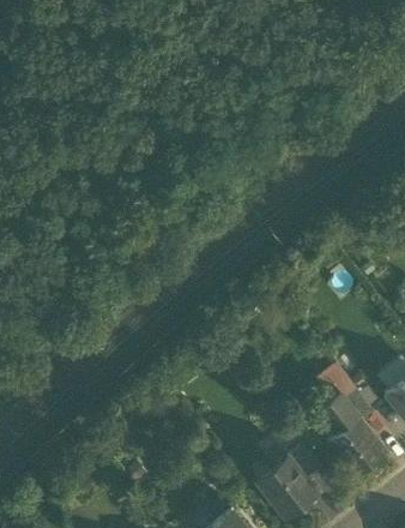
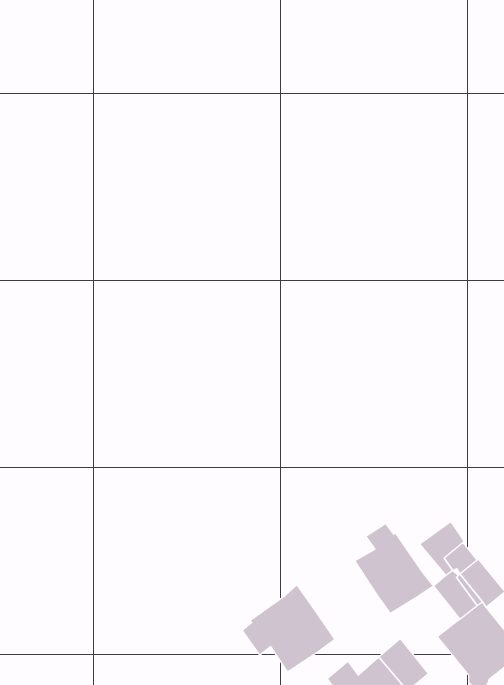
building: none -> [355,524,434,614]
building: none -> [242,585,335,671]

